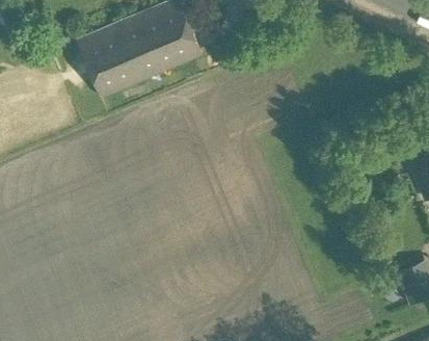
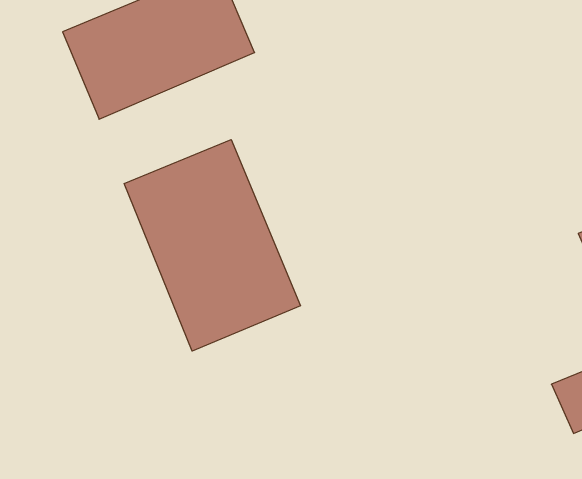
building: none -> [124,140,301,351]

